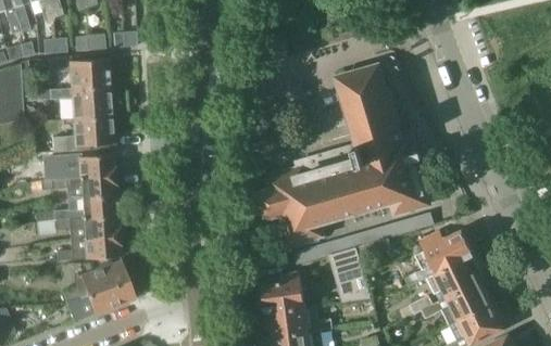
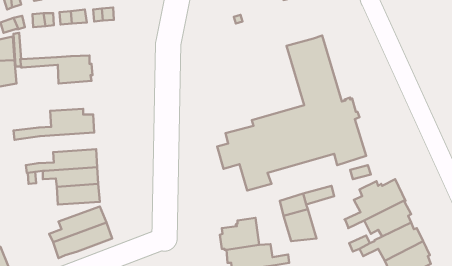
building: [47,57,111,89] -> none
building: [46,116,113,152] -> none
building: [29,176,116,198] -> none

